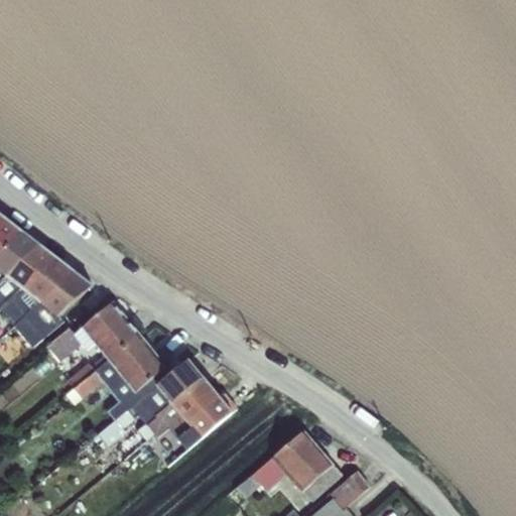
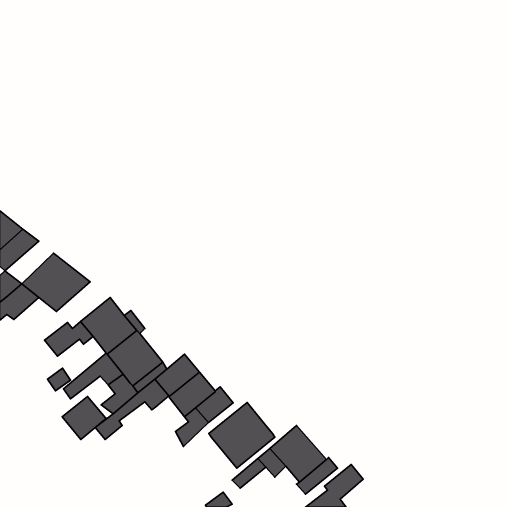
building: [5,245,54,288] -> none
building: [12,302,63,347] -> none
building: [146,402,191,438] -> none
building: none -> [62,396,106,440]
building: none -> [209,402,275,468]

